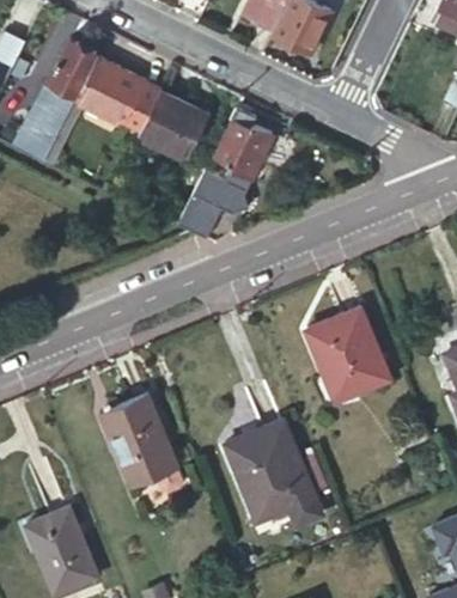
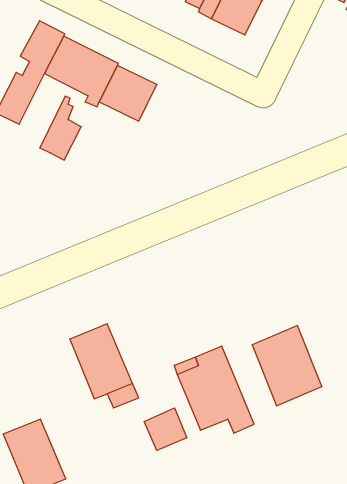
building: [213,108,275,189] -> none
building: [177,165,226,240] -> [40,96,81,160]
building: [306,307,389,402] -> [252,326,322,406]
building: none -> [144,408,187,450]

